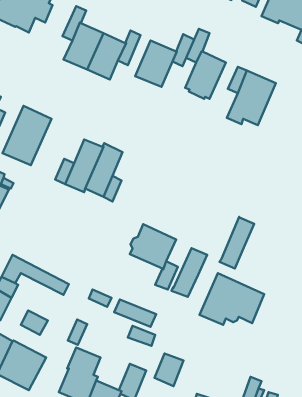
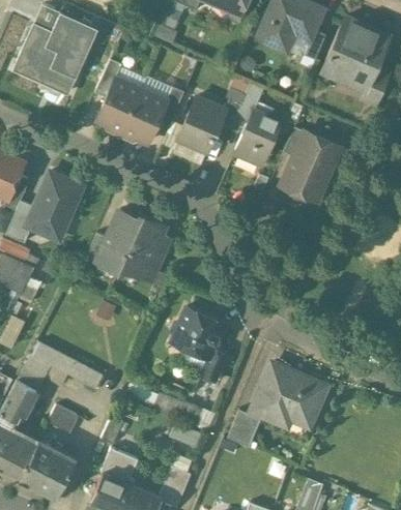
building: [220,217,254,269] -> none
building: [172,248,207,297] -> none
building: [154,353,184,386] -> [228,411,261,448]

